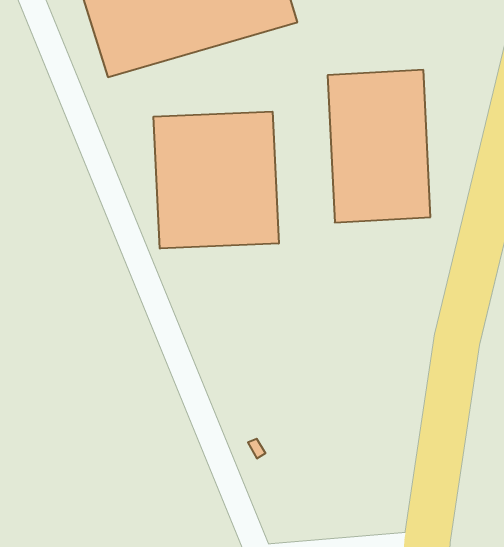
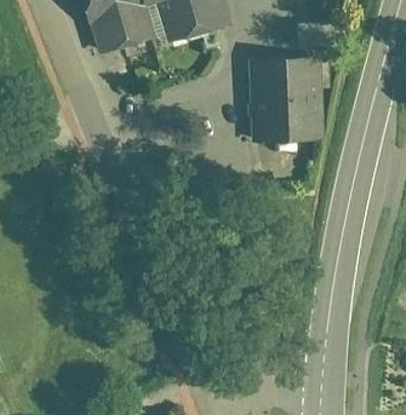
building: [154,112,279,249] -> none

